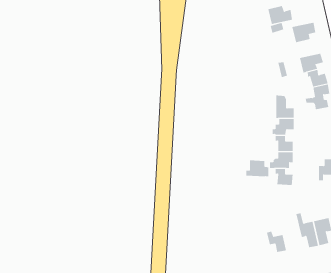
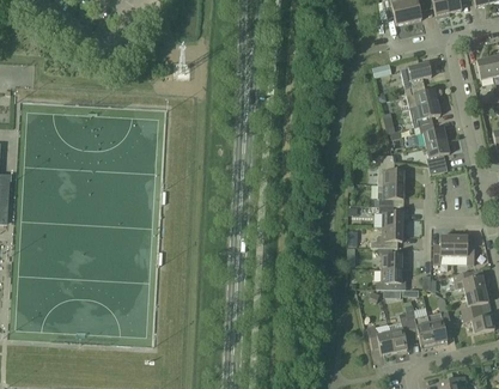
building: [267,6,293,24] -> [406,83,438,107]
building: [245,160,269,177] -> [377,267,407,288]
building: none -> [389,312,413,351]

